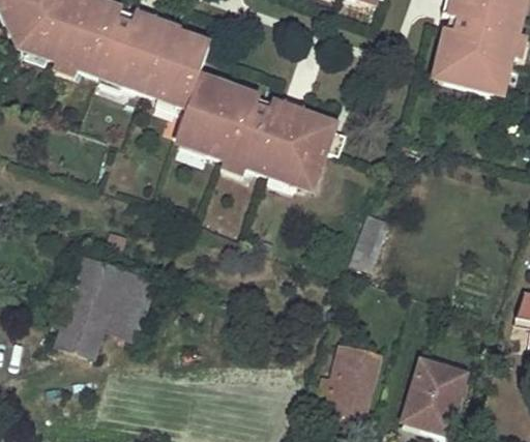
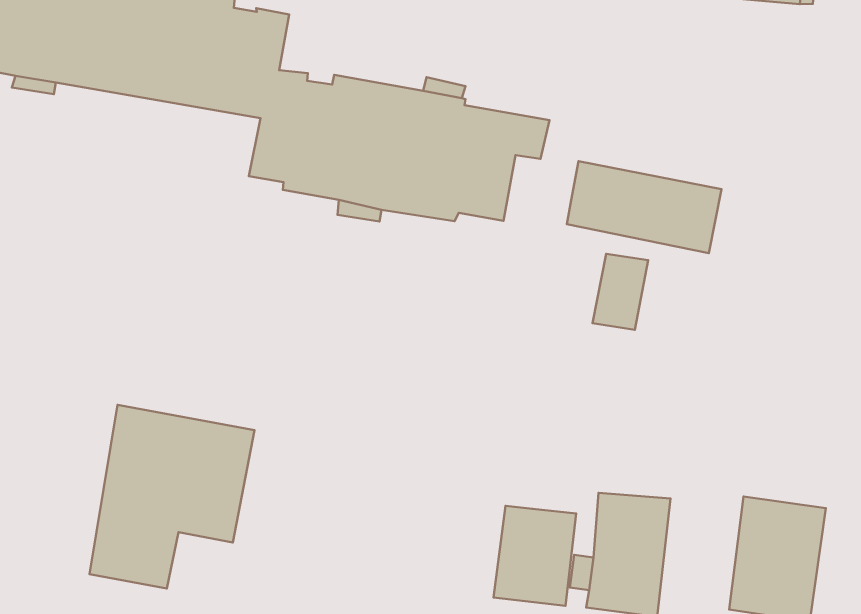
building: none -> [567,161,722,253]
building: none -> [493,506,576,606]

